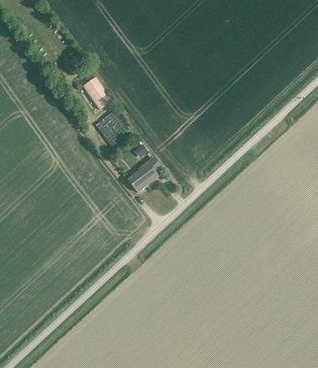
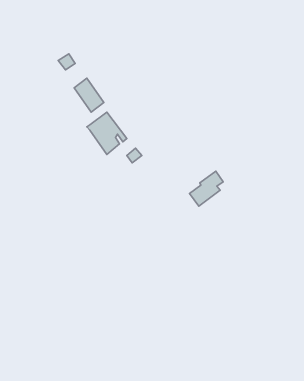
building: [127,158,160,191] -> [189,171,223,206]

